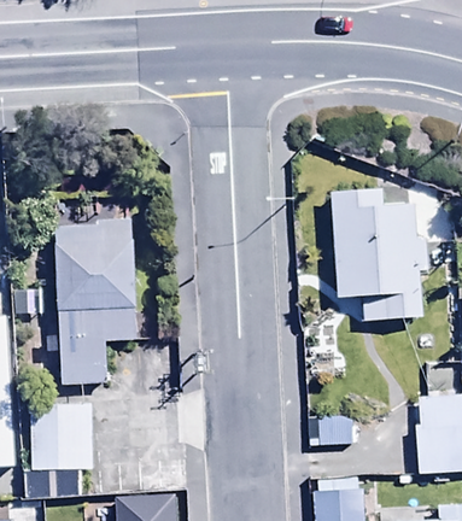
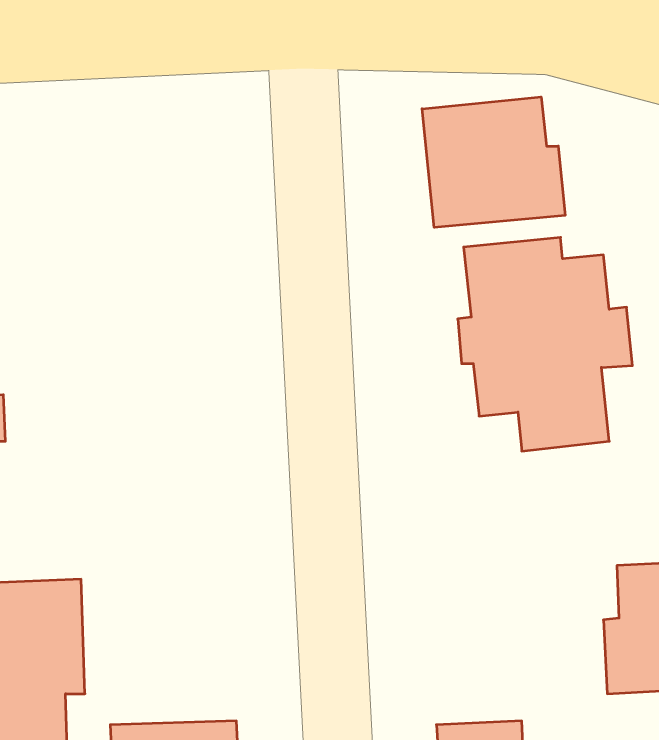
building: none -> [422,97,565,227]
building: [54,222,138,385] -> none

